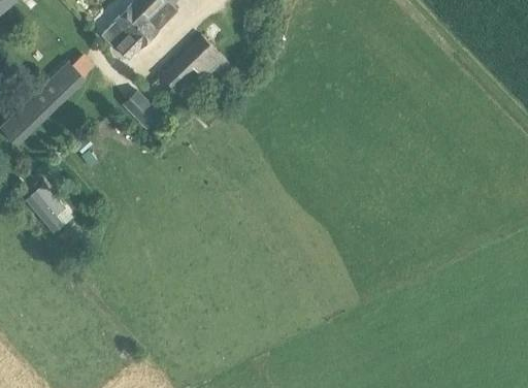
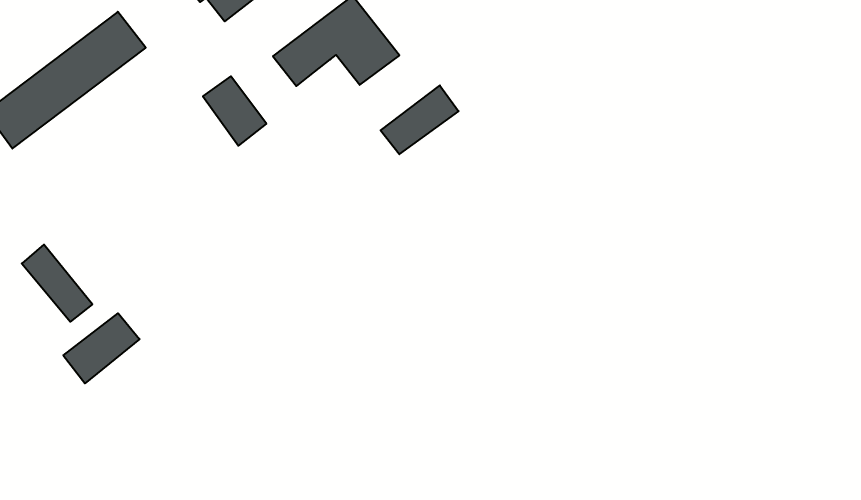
building: none -> [381,85,459,154]
building: none -> [63,313,140,383]

